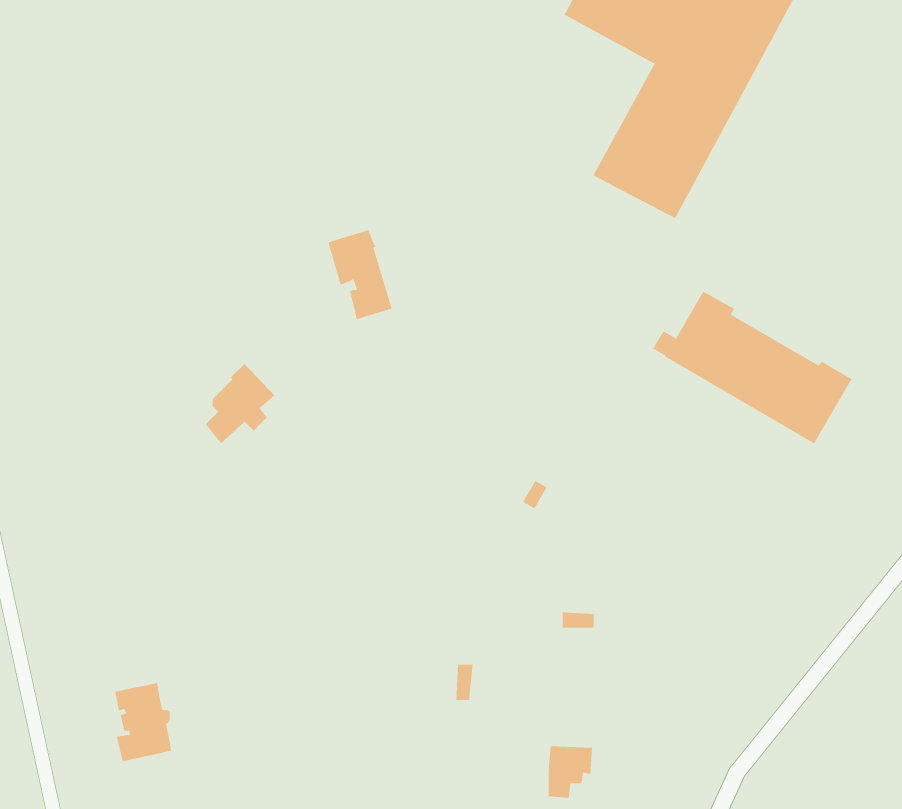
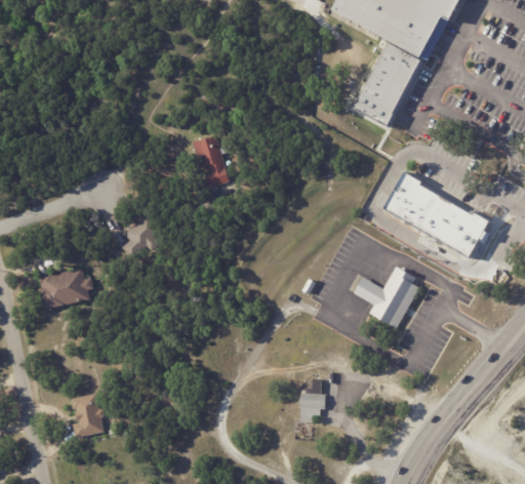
building: none -> [37,267,91,309]
building: none -> [352,269,425,330]
building: [548,746,593,798] -> [300,393,326,422]

